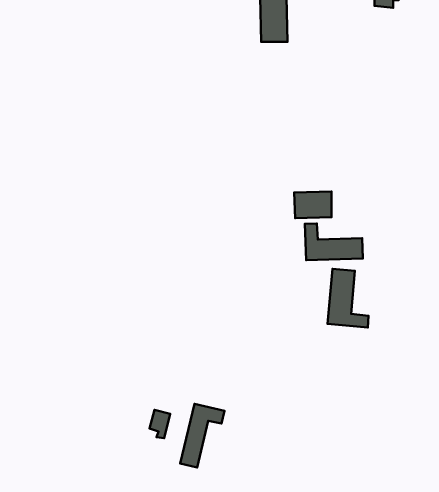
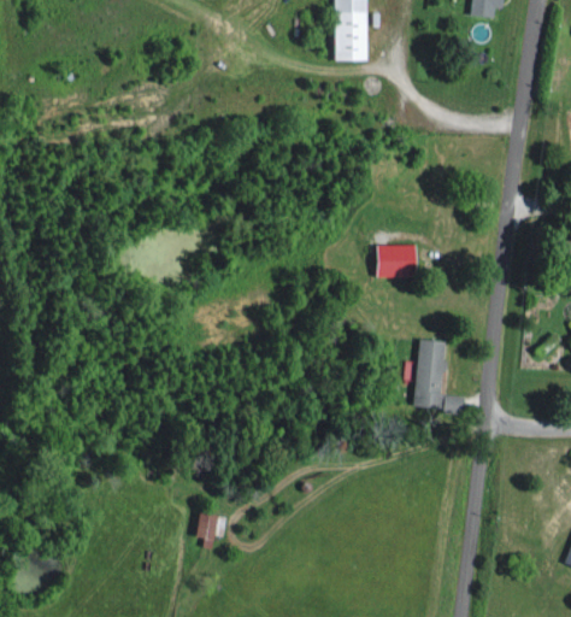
building: [305,223,363,260] -> none
building: [180,404,225,467] -> none

